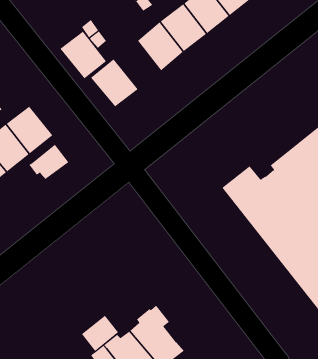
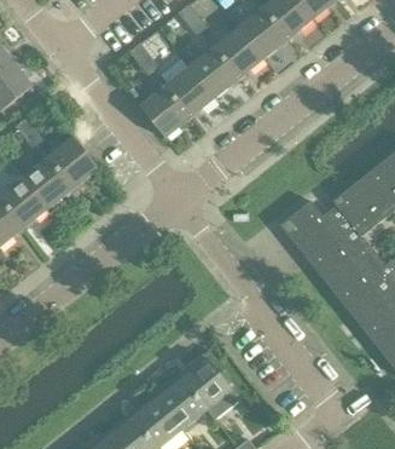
building: [60,31,107,79] -> [163,65,214,117]
building: [29,144,69,180] -> none
building: [81,315,119,352] -> none

